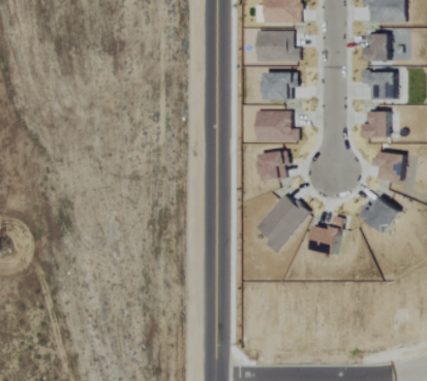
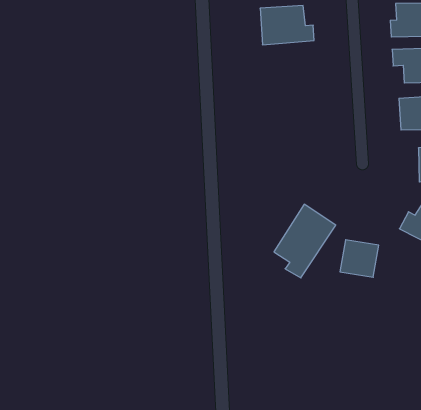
building: [258,72,298,99] -> none
building: [255,110,296,144] -> none
building: [260,151,286,181] -> none

